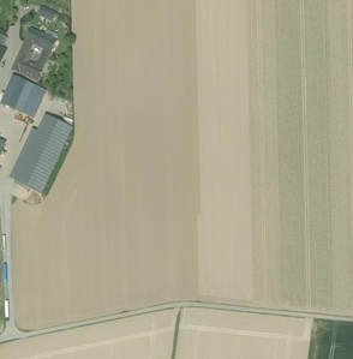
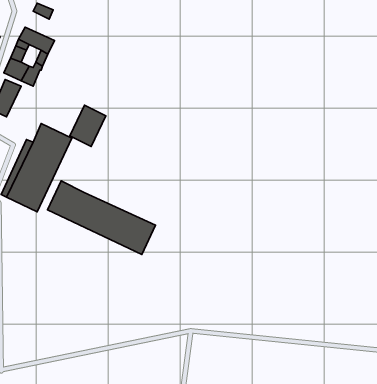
building: [13,79,46,116] -> [70,105,106,147]
building: none -> [47,181,155,254]

